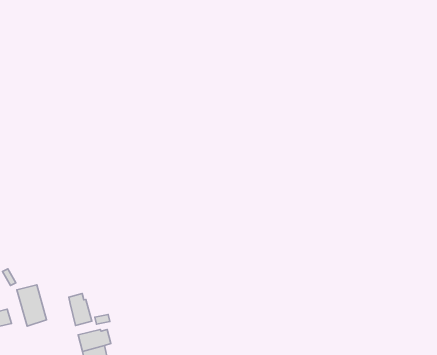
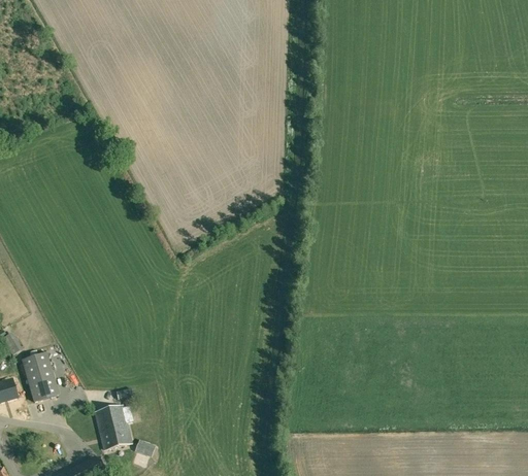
building: [69,293,92,325] -> none

